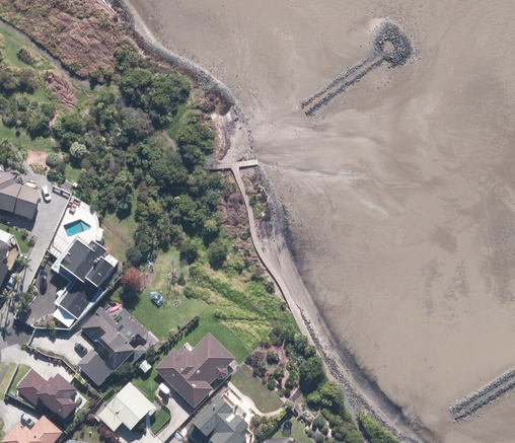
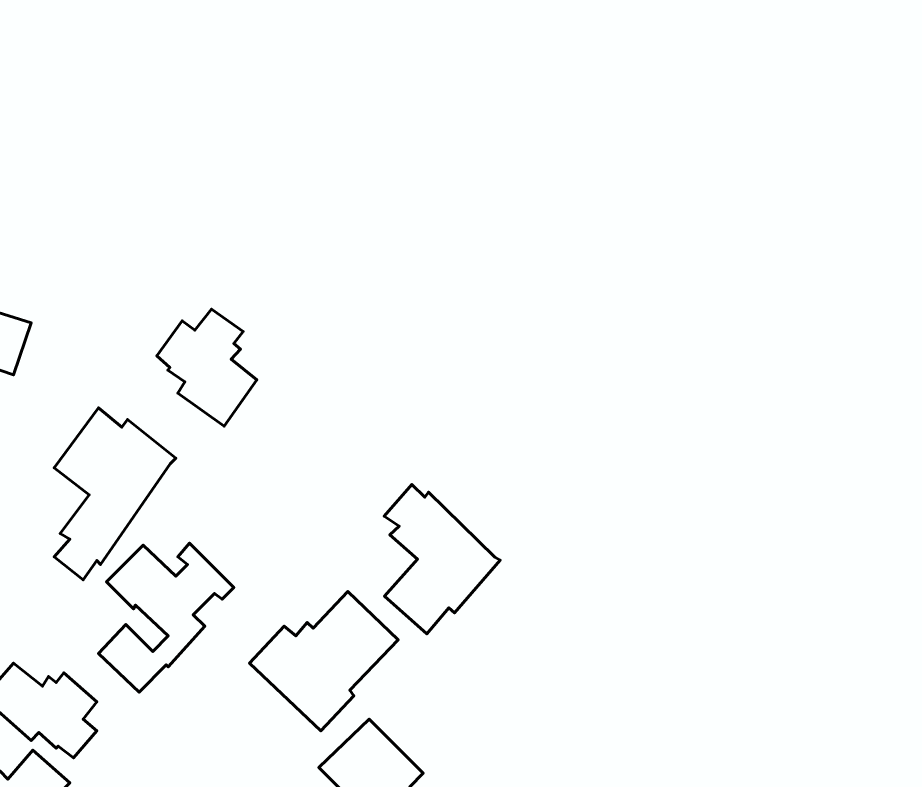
building: none -> [157,309,257,426]
building: none -> [384,485,500,634]
building: [97,383,153,431] -> none

